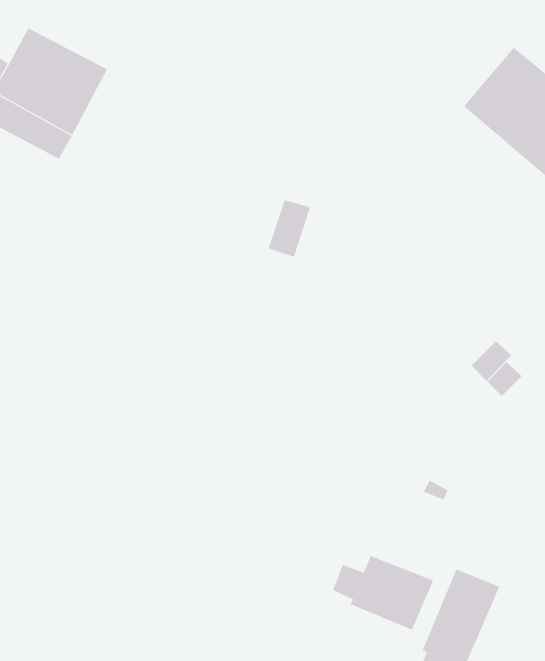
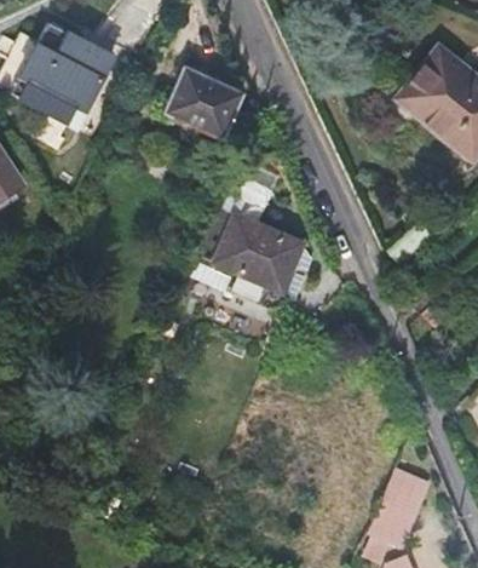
building: none -> [165,67,243,139]
building: none -> [197,207,303,292]
building: [332,555,434,631] -> none

